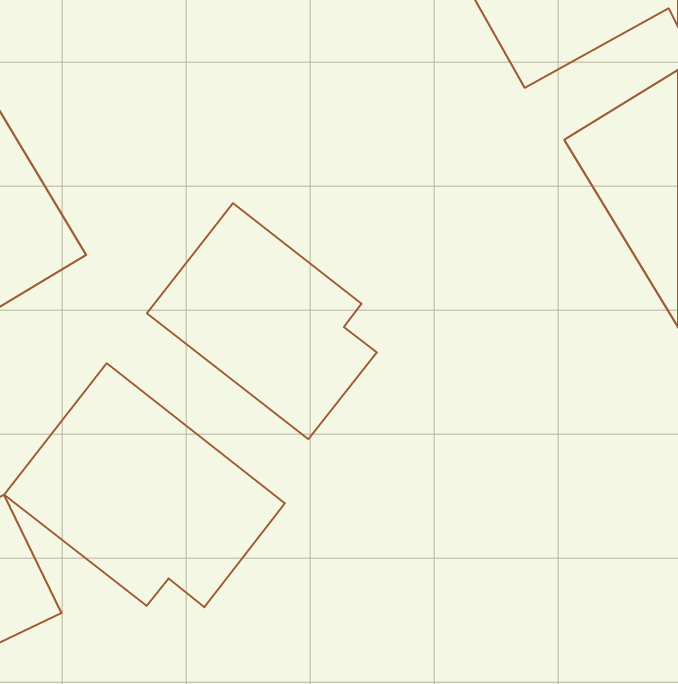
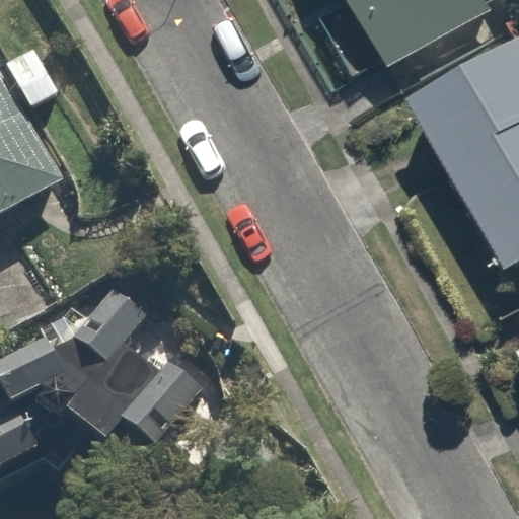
building: [147,203,377,439] -> none

